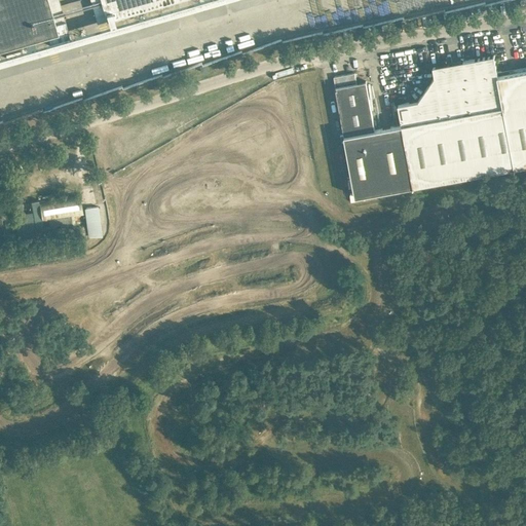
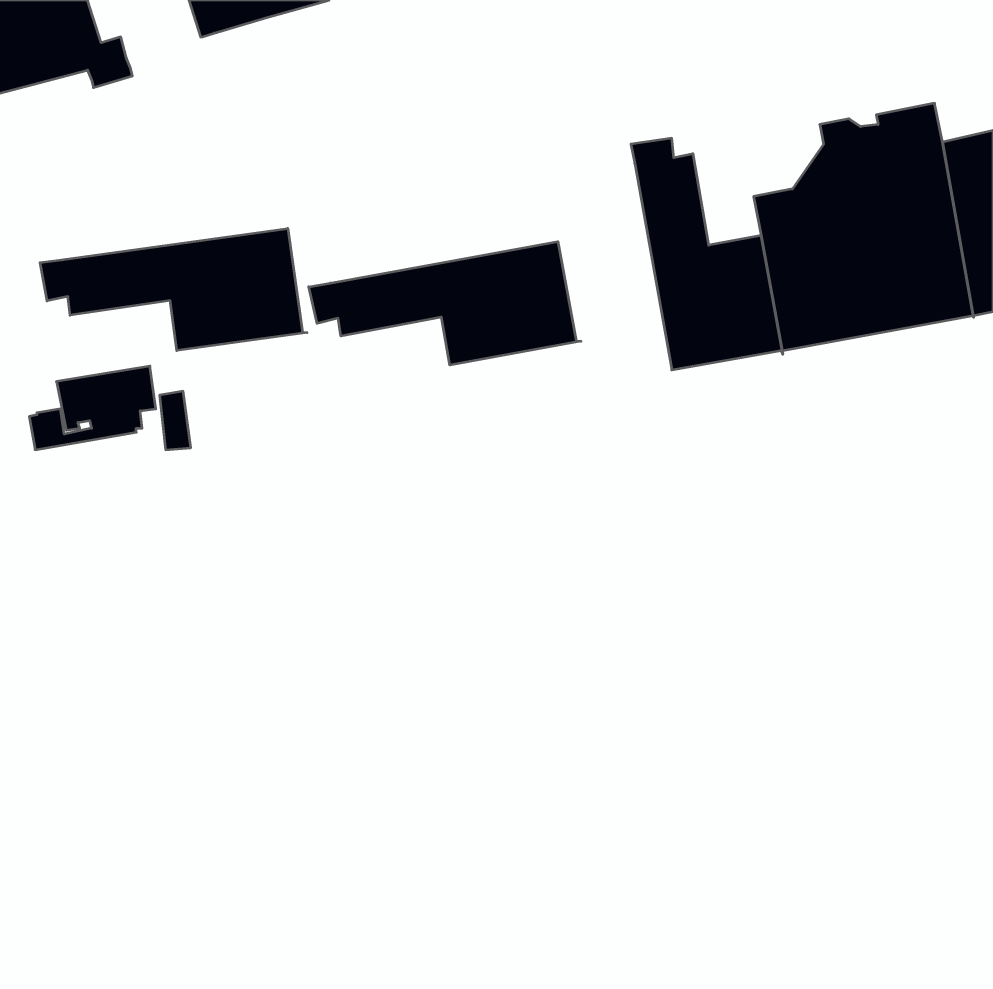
building: none -> [40,228,307,351]
building: none -> [309,242,581,365]

